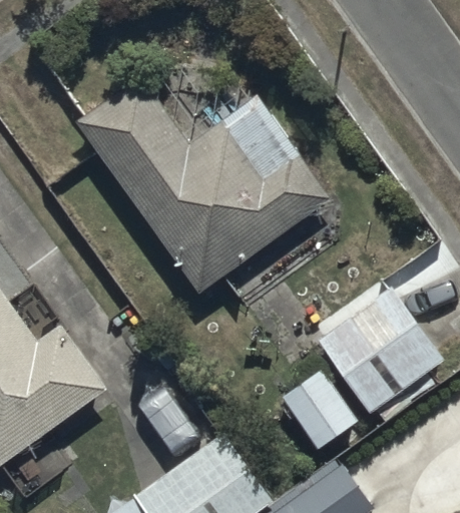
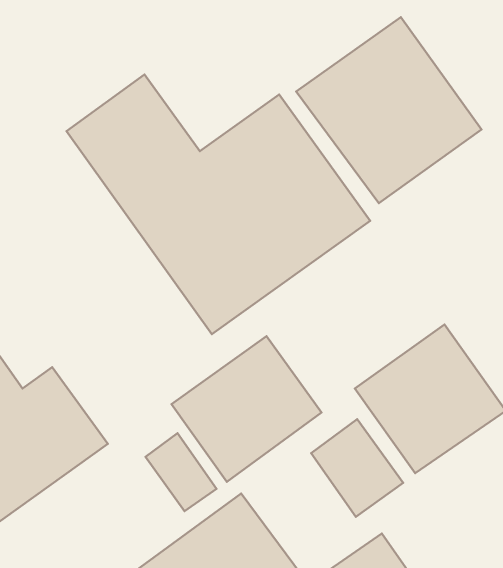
building: none -> [296,17,482,203]
building: none -> [171,336,321,482]

